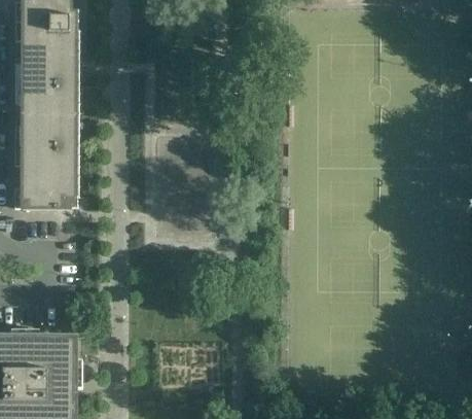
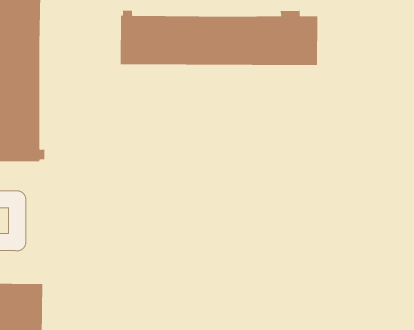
building: none -> [120,9,318,66]

